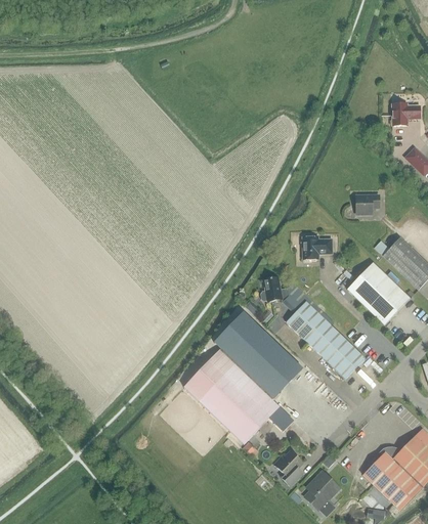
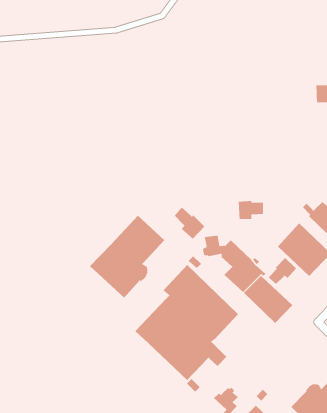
building: [356,194,379,214] -> none
building: none -> [174,207,205,239]
building: none -> [89,215,165,299]
building: none -> [268,257,297,285]

